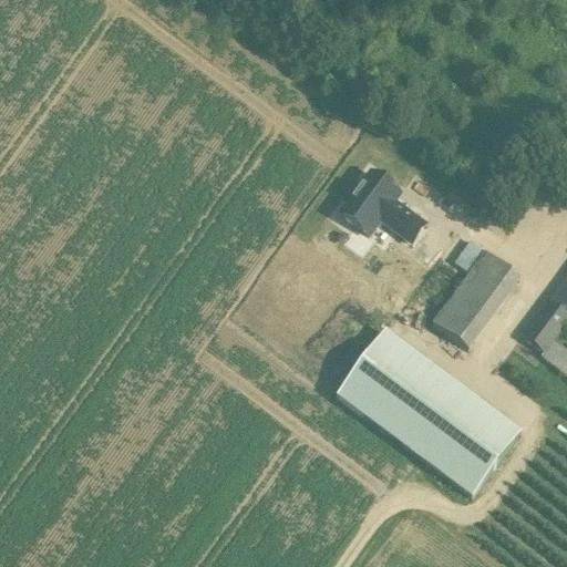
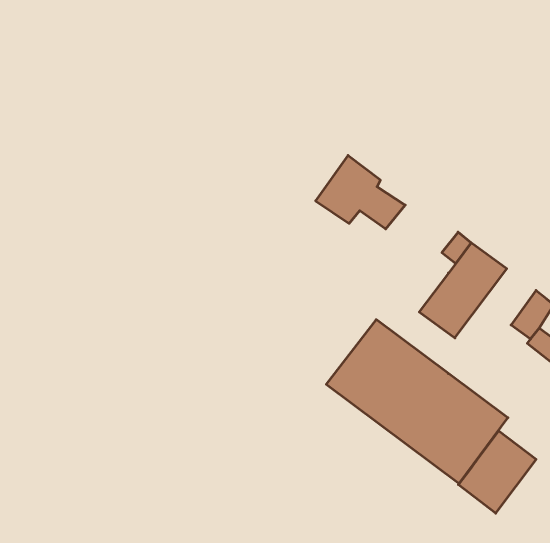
building: none -> [458,431,536,513]

